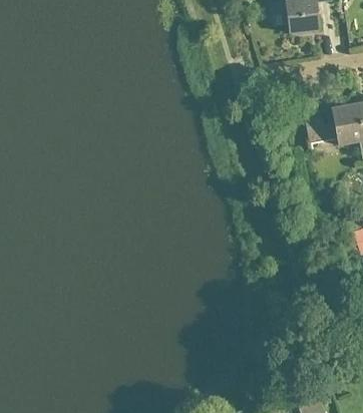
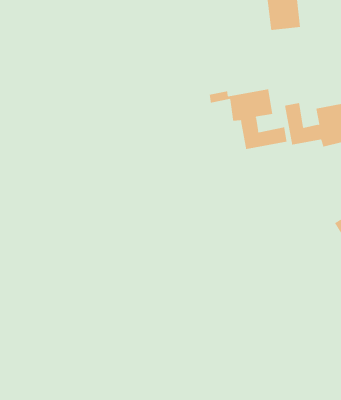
building: none -> [209,88,287,150]

